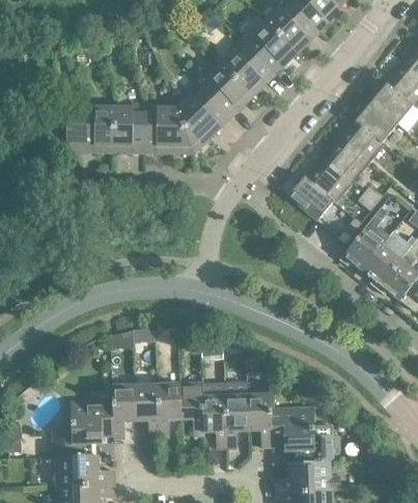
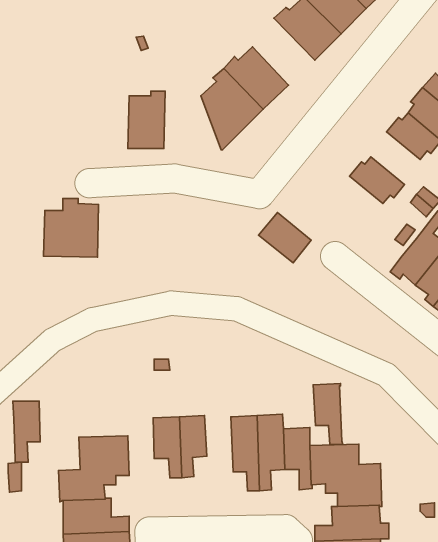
building: [222,38,276,96] -> none
building: [67,101,115,151] -> [44,199,99,257]
building: [145,102,195,152] -> none
building: [325,137,367,183] -> none
building: [289,175,335,219] -> [258,213,311,263]
building: [180,382,206,435] -> [313,384,343,445]
building: [113,385,137,438] -> [13,401,40,462]

